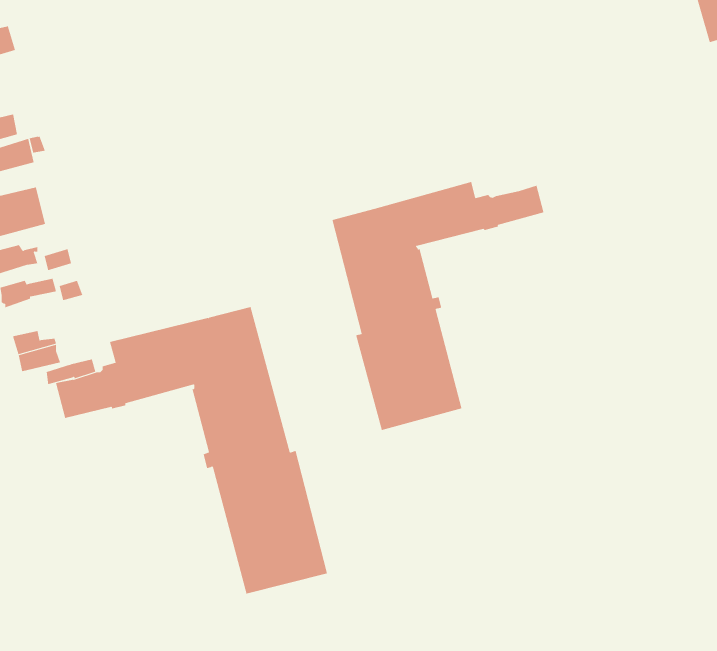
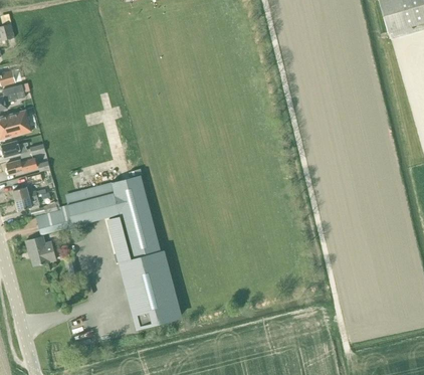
building: [332,181,544,431] -> none
building: none -> [25,237,54,265]

